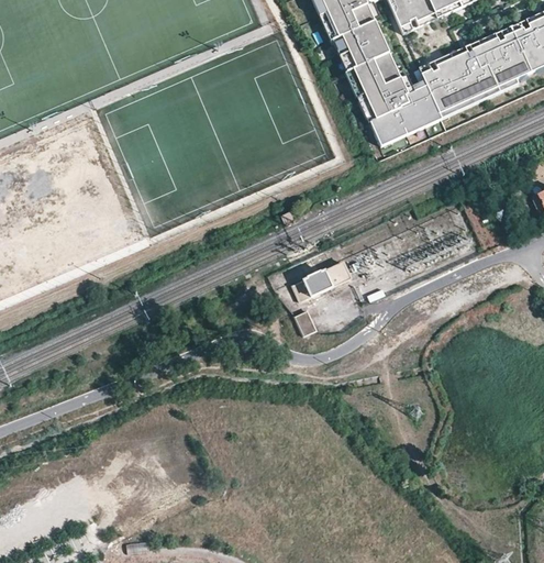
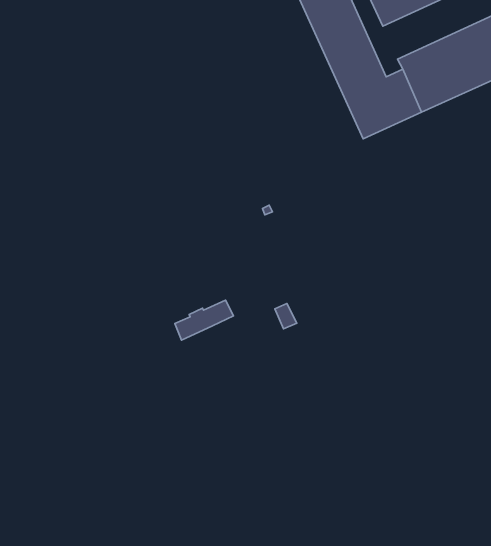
building: [292,262,351,301] -> [175,300,233,340]

